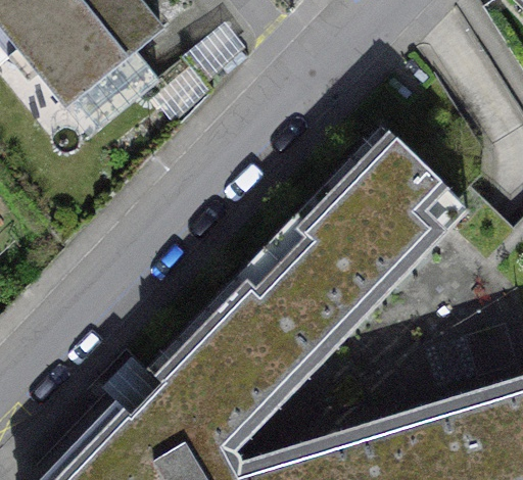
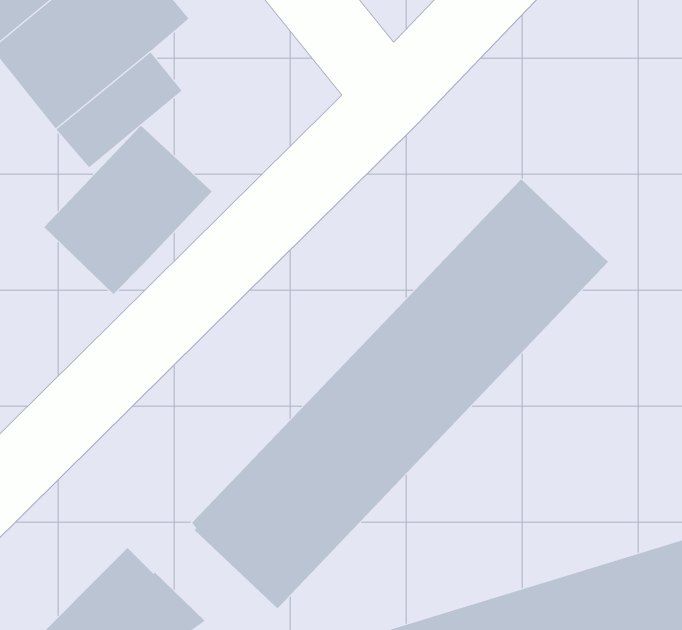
building: none -> [43,125,212,295]

